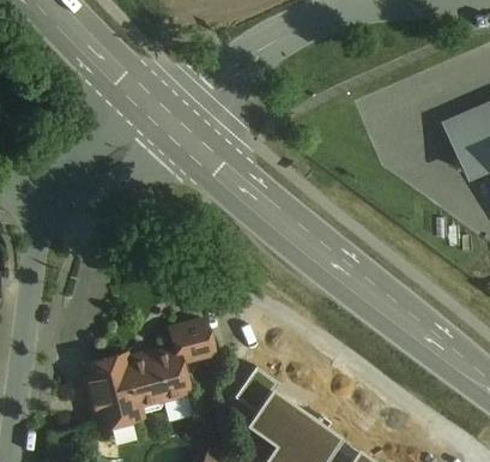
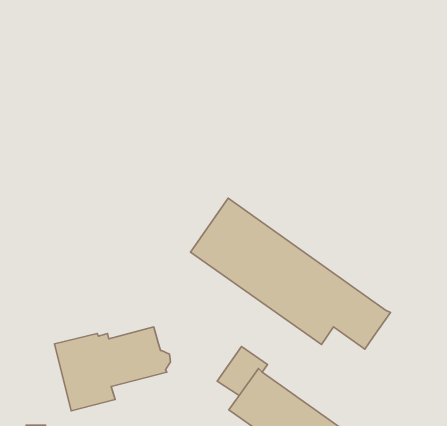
building: none -> [190,198,391,349]
building: [170,322,213,364] -> none

